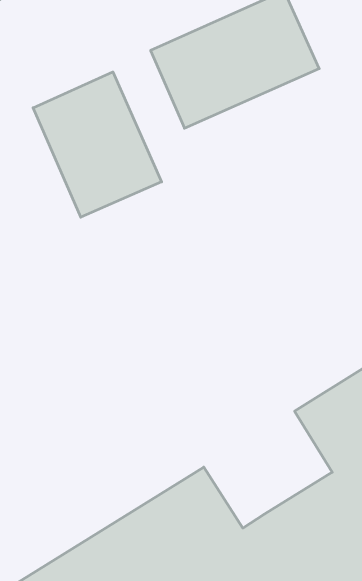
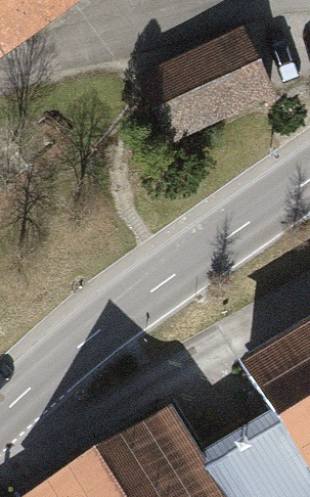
building: [33,72,162,217] -> none

